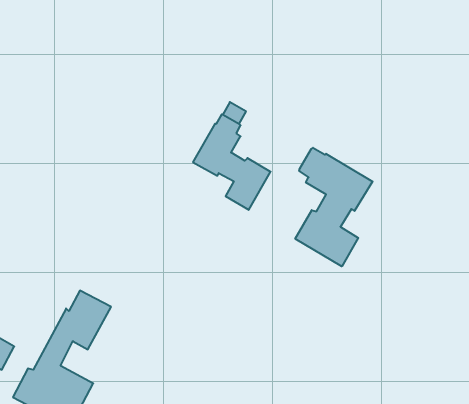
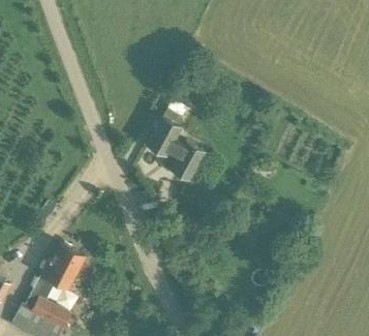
building: [295,148,373,266] -> none

